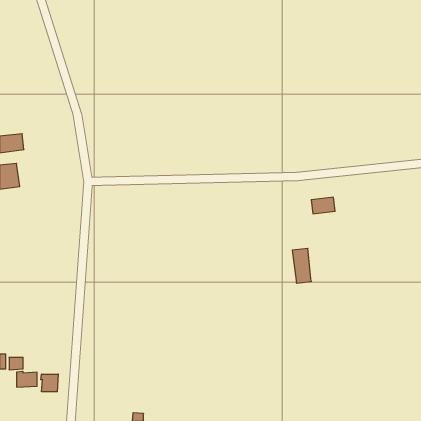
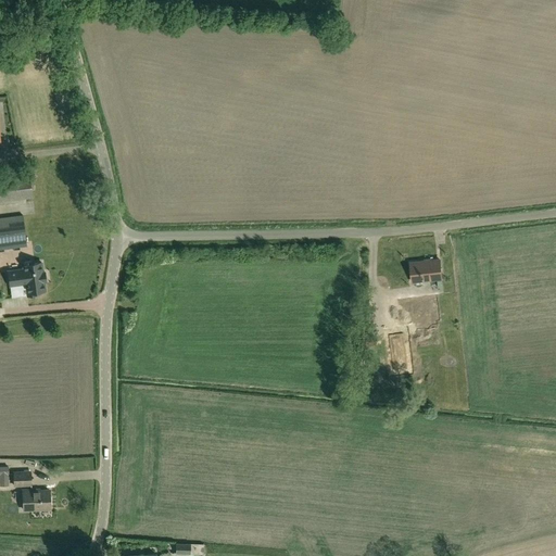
building: none -> [7,262,45,298]
building: [41,374,58,392] -> none

